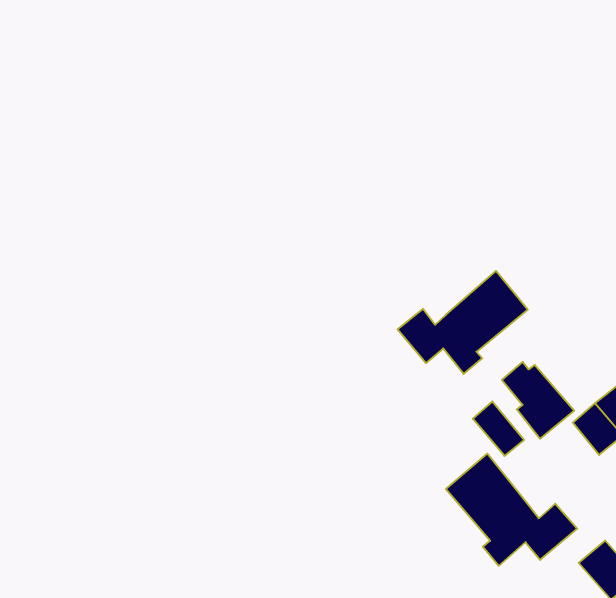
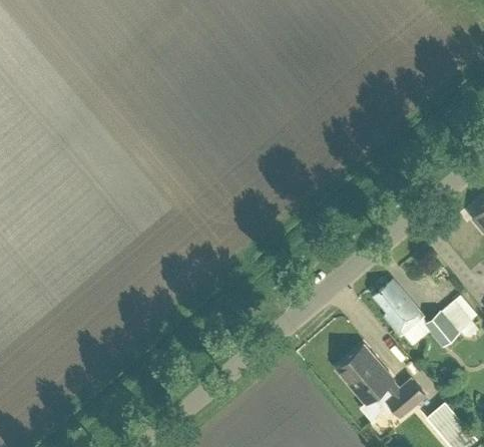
building: [398,271,528,374] -> none
building: [473,401,524,456] -> none

